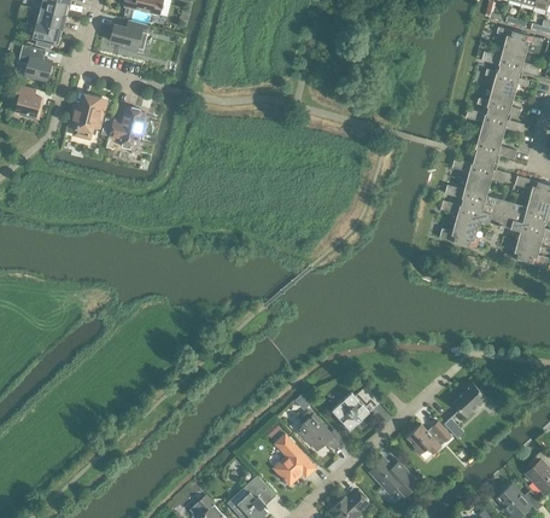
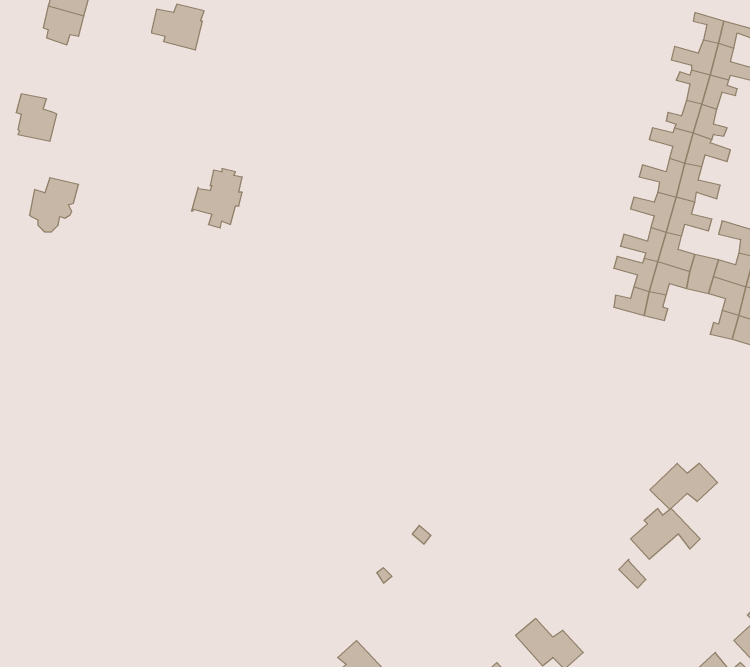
building: [19,45,53,81] -> none
building: [71,95,106,134] -> [29,178,79,232]
building: [110,106,146,149] -> [191,169,242,228]
building: none -> [650,463,718,510]
building: [332,386,380,430] -> none
building: [298,409,344,449] -> none
building: [406,421,451,455] -> none
building: [274,433,316,484] -> none

